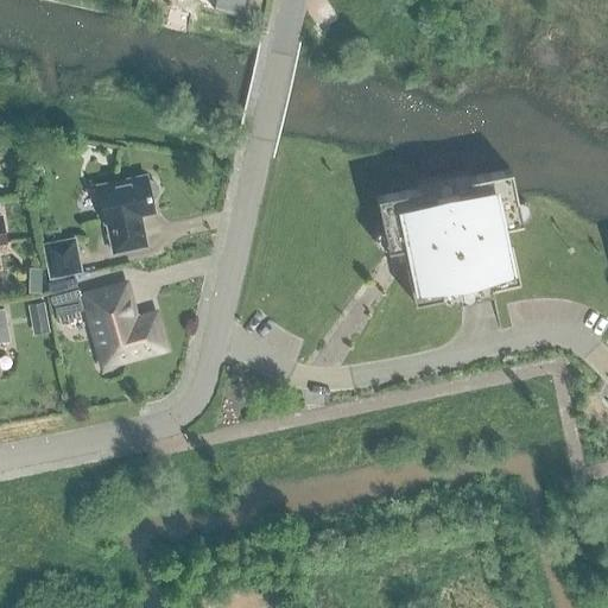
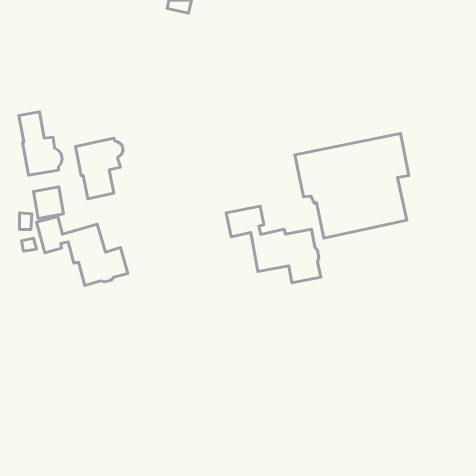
building: none -> [19,112,62,175]
building: none -> [226,206,321,283]

